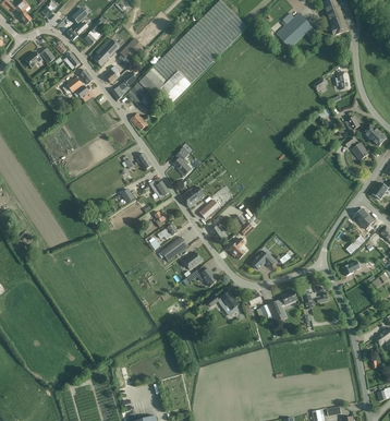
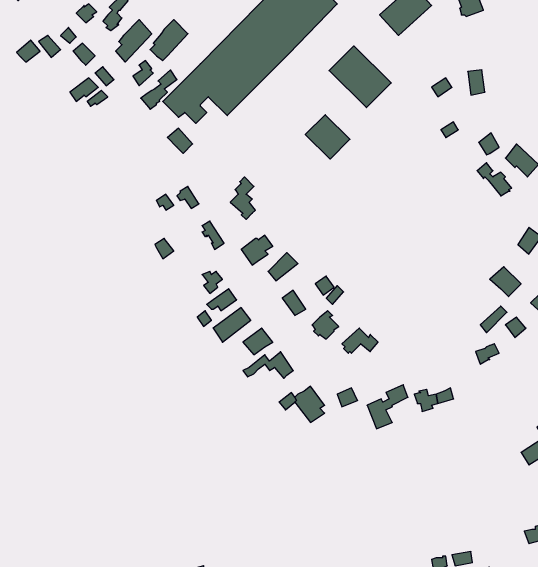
building: none -> [329,46,391,108]
building: none -> [305,115,350,159]

